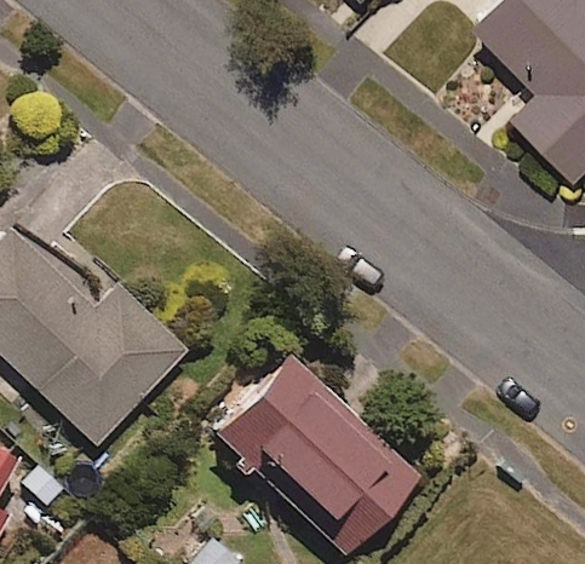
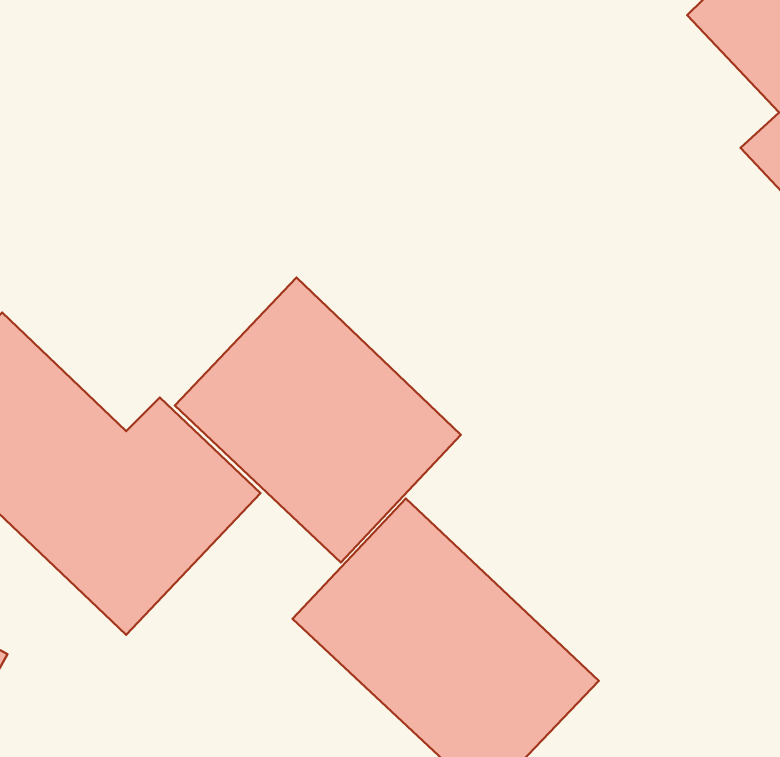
building: none -> [175,277,461,563]

